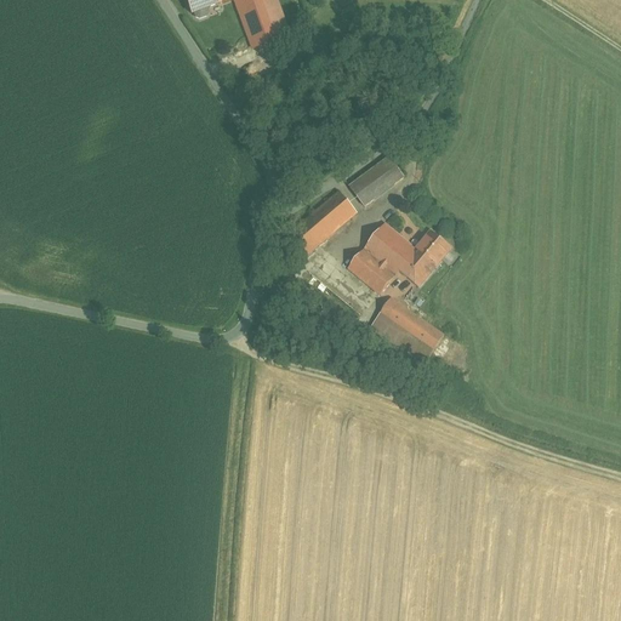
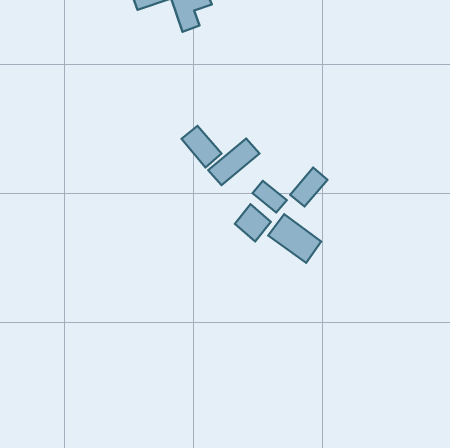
building: [349,155,403,204] -> none
building: none -> [182,126,222,167]
building: [364,222,414,273] -> [235,204,271,241]

